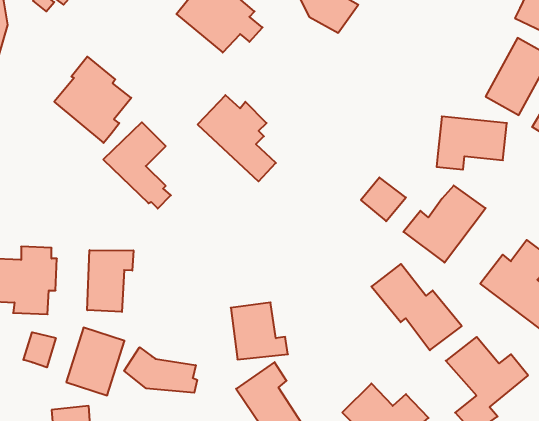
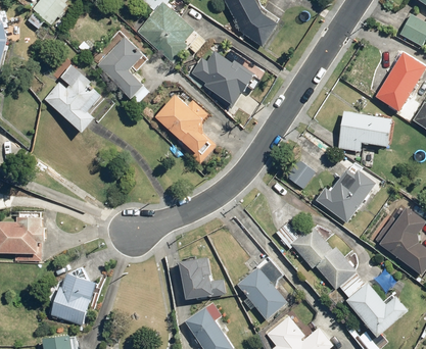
building: none -> [189,51,255,109]
building: [103,122,171,209] -> [97,37,149,103]
building: [87,250,133,312] -> none
building: none -> [234,266,288,321]
building: [23,332,56,367] -> none
building: [124,347,197,393] -> none

